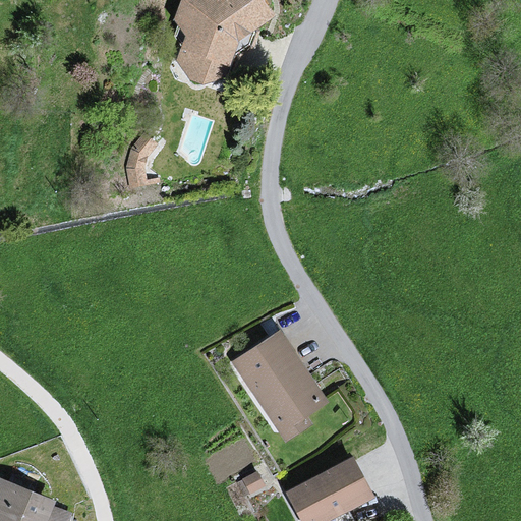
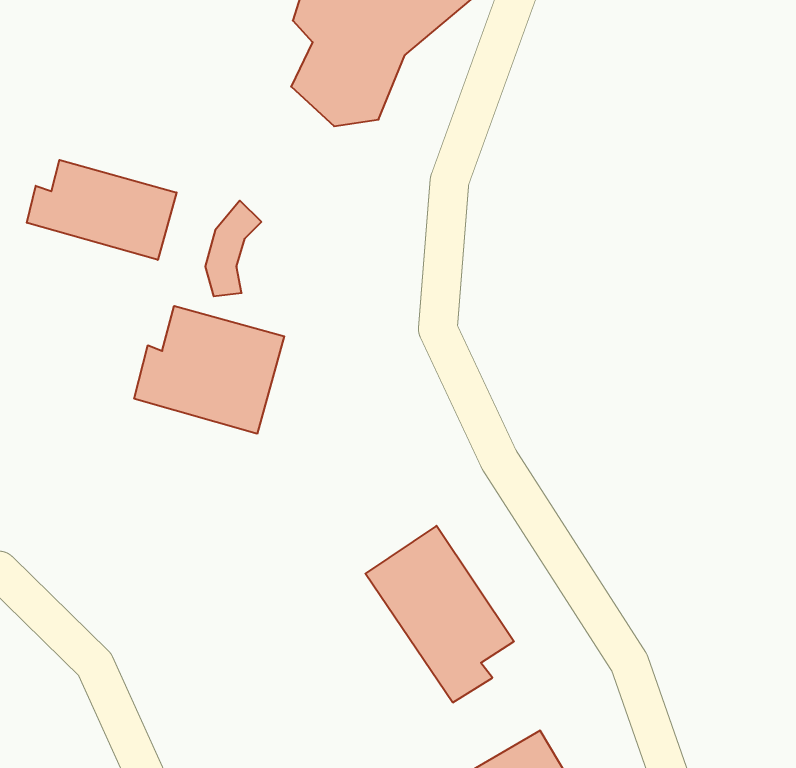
building: none -> [27,160,177,260]
building: none -> [134,306,284,434]

